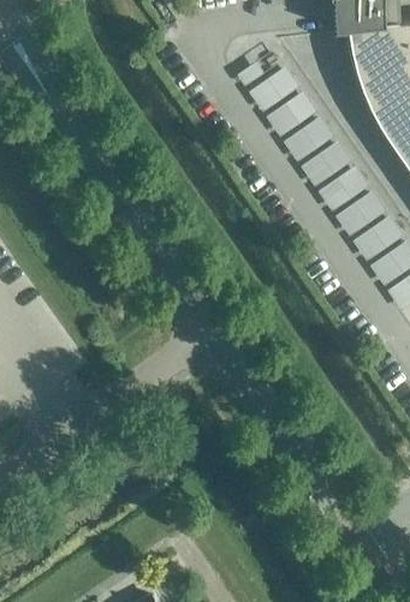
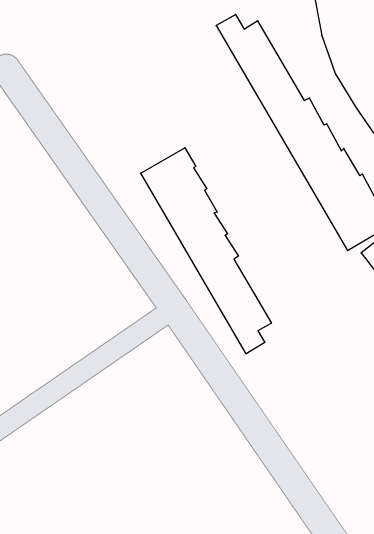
building: none -> [141,148,271,354]

